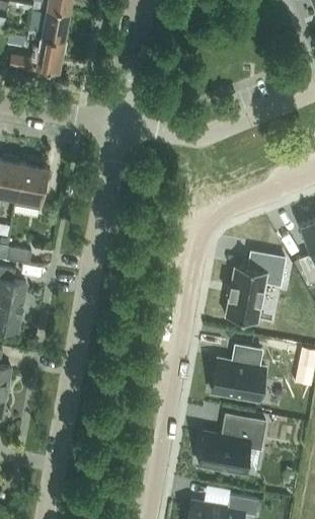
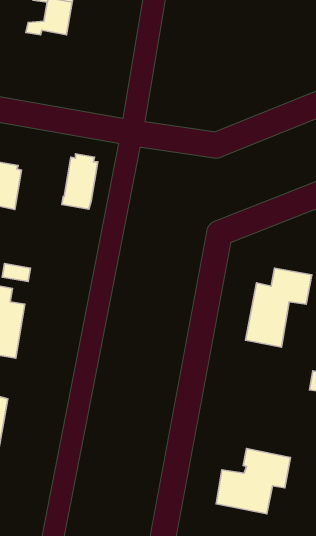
building: [9,39,64,79] -> none
building: [15,161,48,211] -> [62,154,98,209]
building: [212,346,265,401] -> none

